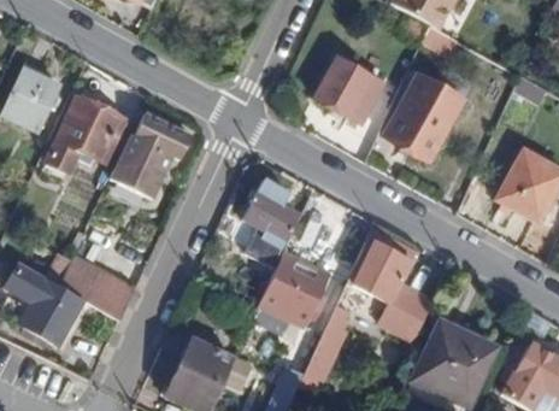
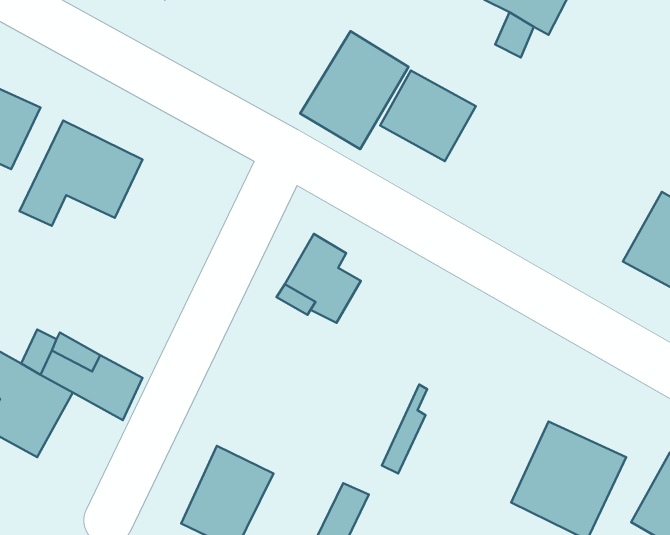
building: [386,75,466,163] -> [300,31,409,149]
building: [111,112,190,199] -> none
building: [354,229,429,336] -> none
building: [253,252,331,334] -> none

